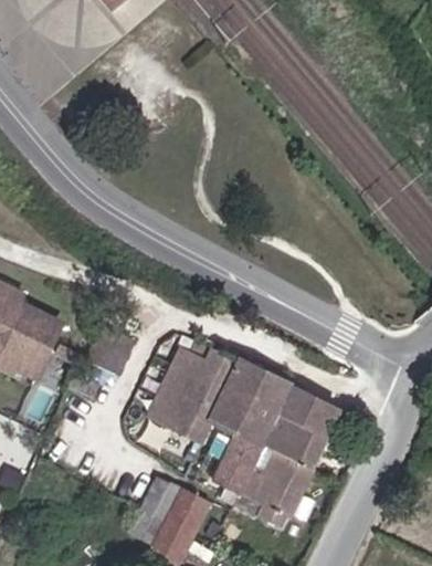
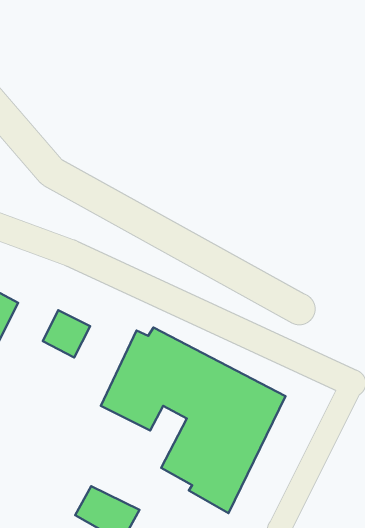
building: [137,486,200,535] -> none

